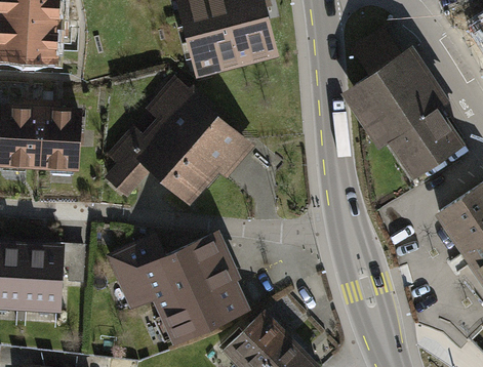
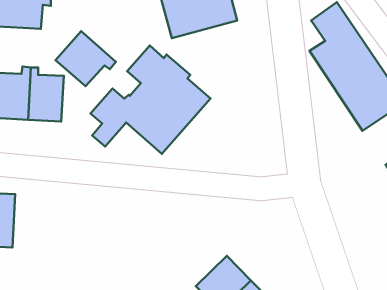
building: none -> [55,31,116,86]
building: [111,237,243,341] -> none
building: [22,246,85,308] -> none

